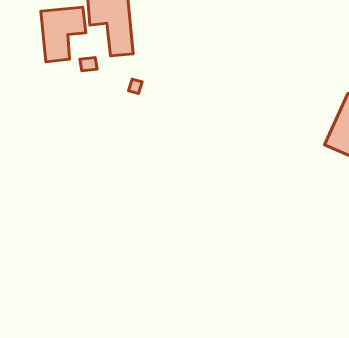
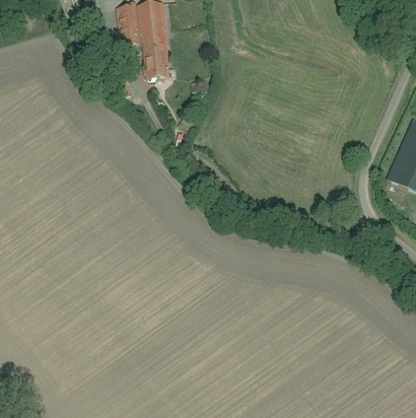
building: [41,7,86,62] -> none

